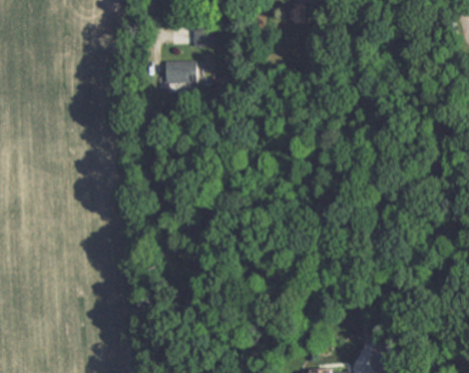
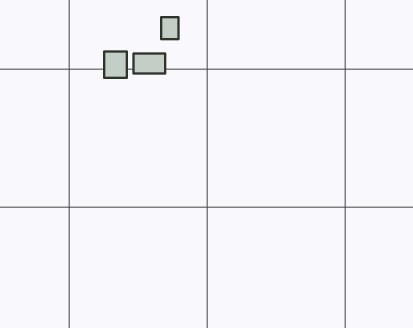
building: none -> [104,52,127,78]

